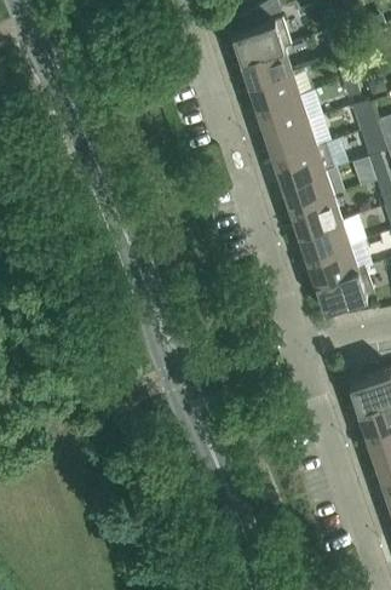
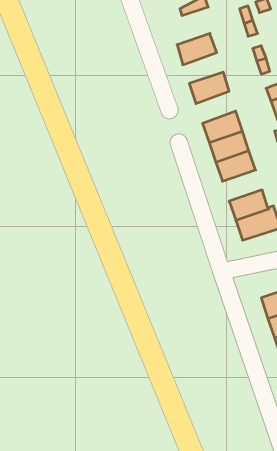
building: [231,18,291,61] -> none
building: [248,70,300,110] -> none
building: [265,118,330,161] -> none
building: [299,220,350,260] -> none

